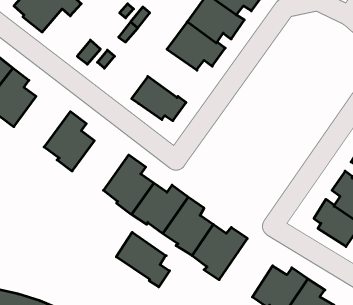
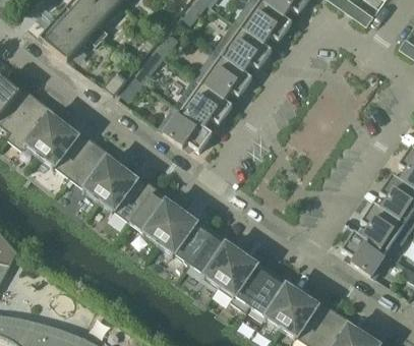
building: none -> [175,78,233,127]
building: none -> [40,126,97,177]
building: none -> [99,171,156,221]
building: [116,232,170,287] -> none
building: none -> [247,270,301,329]

